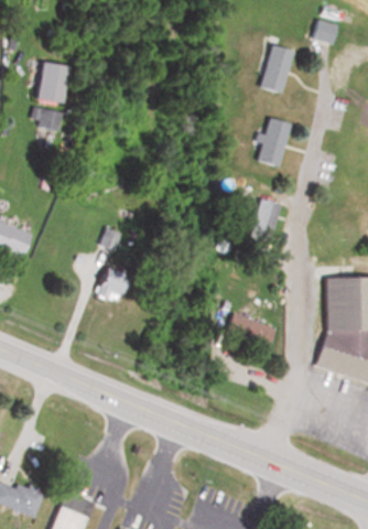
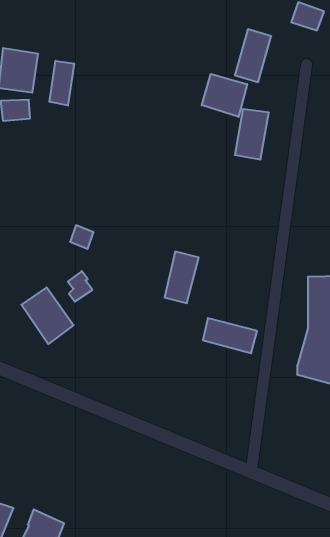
building: none -> [50,61,74,106]
building: none -> [202,74,247,117]
building: [248,197,280,246] -> [165,252,199,303]
building: none -> [21,287,74,344]

